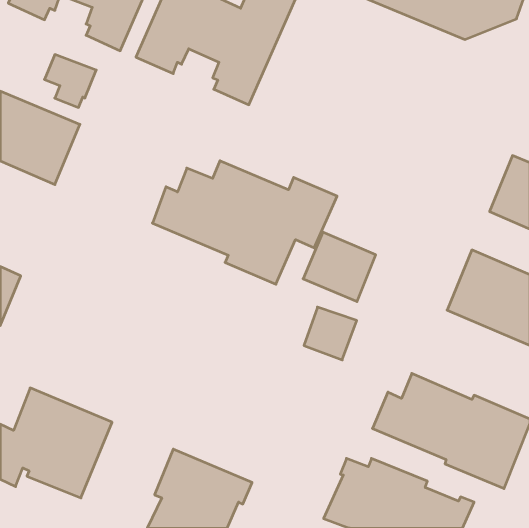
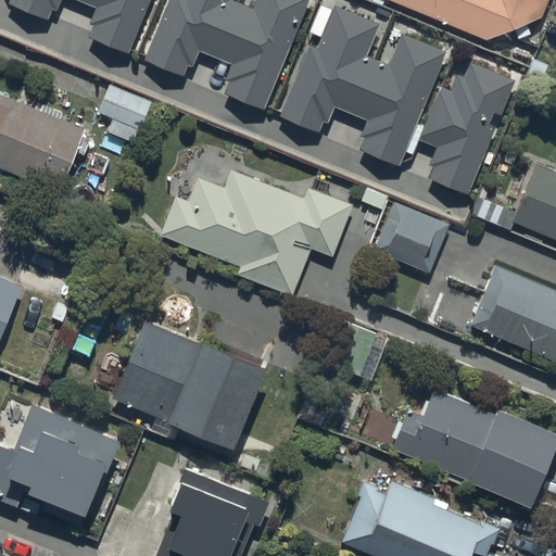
building: none -> [279,5,444,165]
building: [44,55,96,107] -> [97,86,151,141]
building: none -> [419,64,514,194]
building: [303,232,376,302] -> [372,201,448,274]
building: none -> [111,321,263,452]

